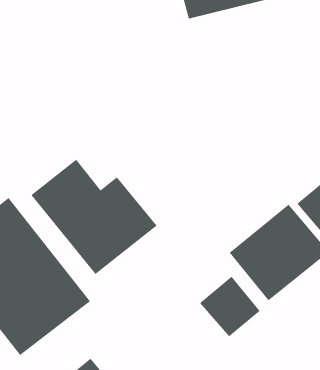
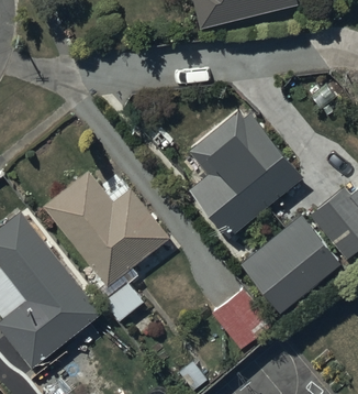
building: none -> [188,111,302,238]

